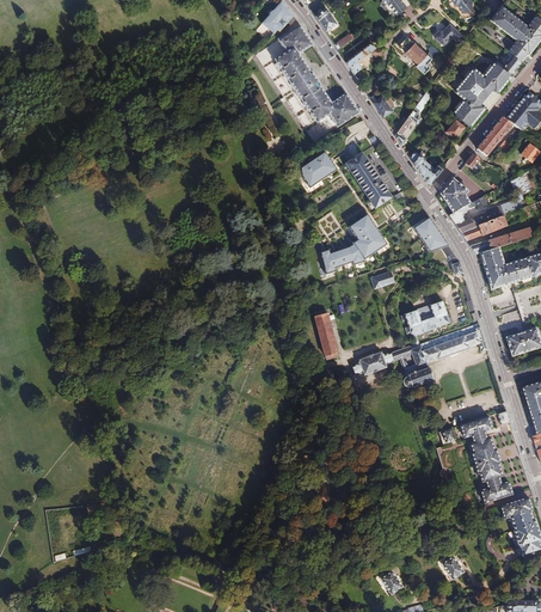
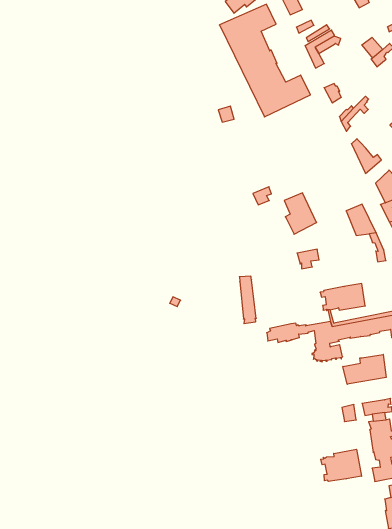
building: [302,152,337,185] -> none
building: [345,152,392,207] -> none
building: [320,243,364,273] -> none
building: none -> [343,354,386,384]
building: none -> [321,449,362,481]

